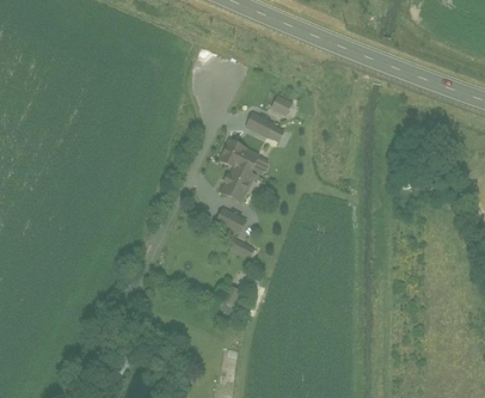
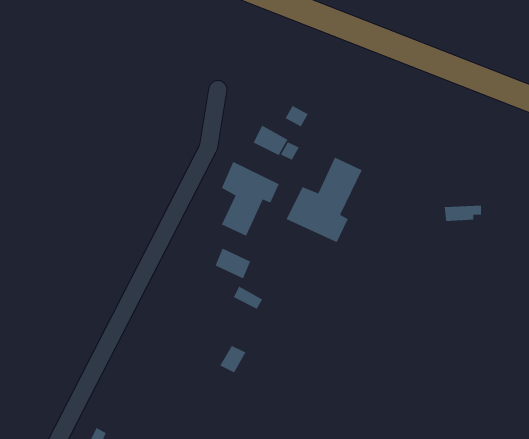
building: none -> [286,157,363,243]

